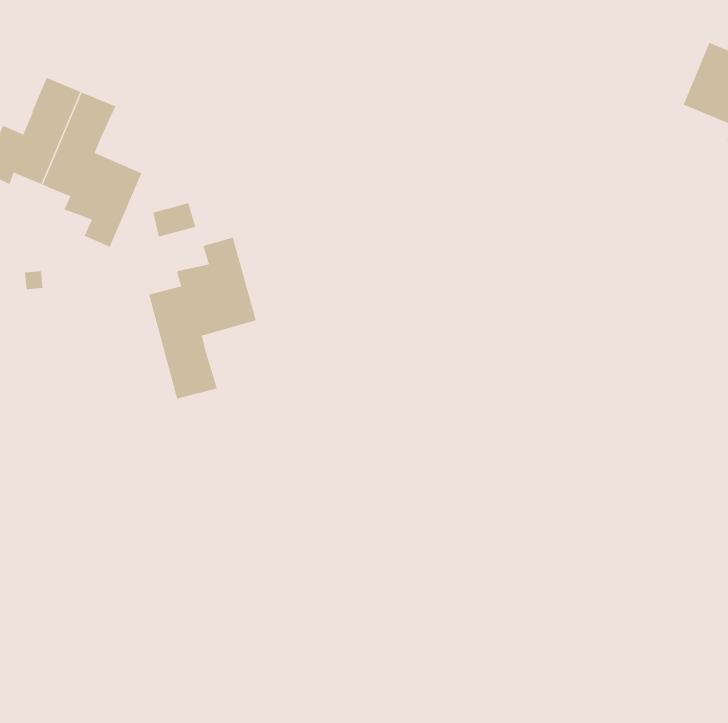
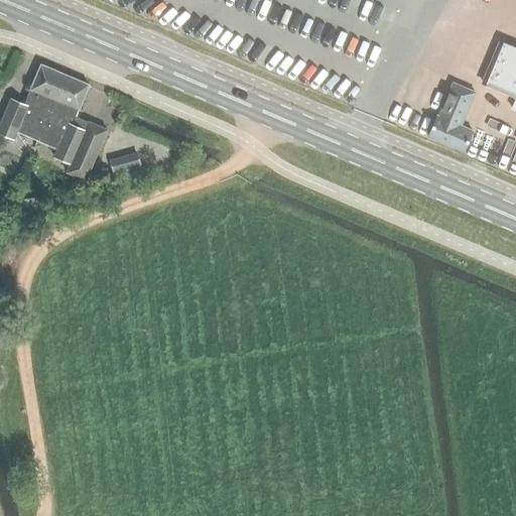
building: none -> [427,82,475,150]
building: [148,237,257,399] -> none

